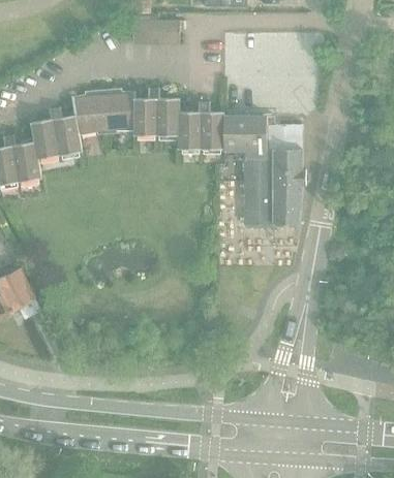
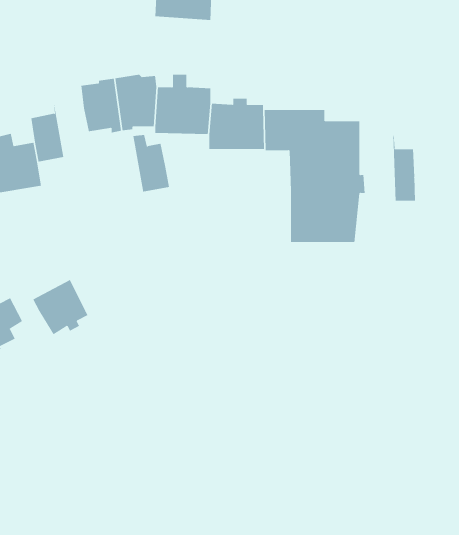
building: [51,107,82,155] -> [132,135,170,192]
building: none -> [393,134,415,201]
building: none -> [32,279,88,335]

